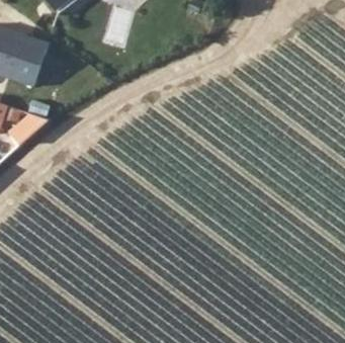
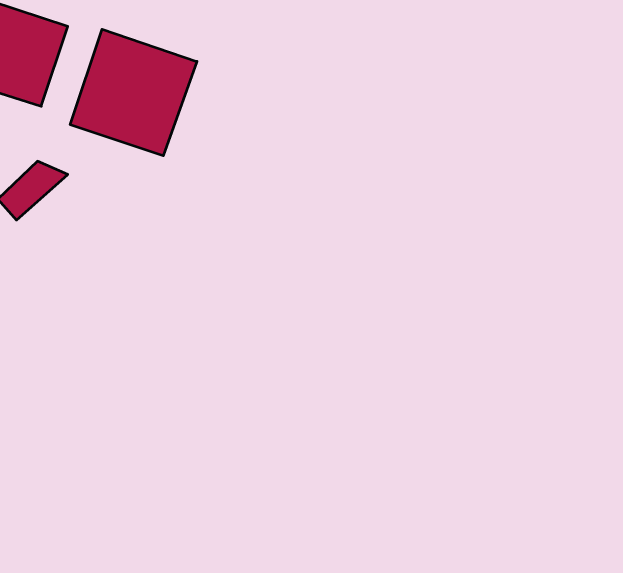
building: none -> [70,29,197,156]

